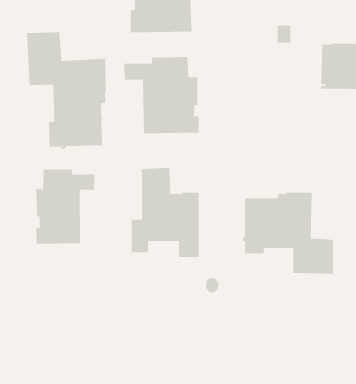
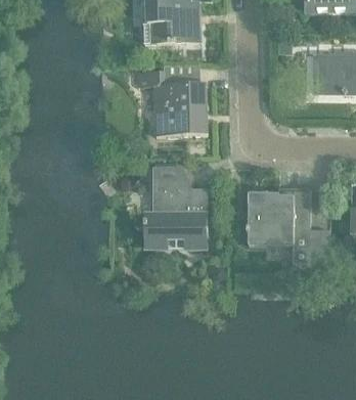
building: [27,32,107,150] -> none
building: [36,169,95,244] -> none

